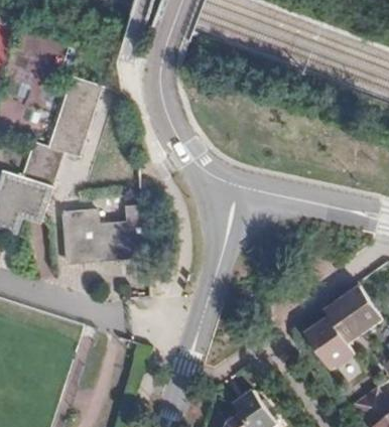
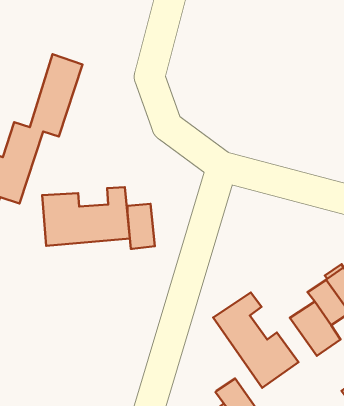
building: none -> [127,204,155,249]
building: none -> [213,292,299,388]

